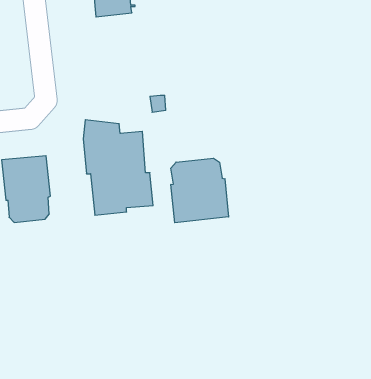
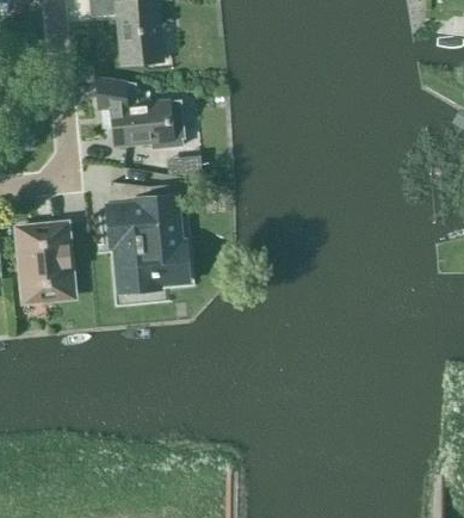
building: none -> [95,79,185,152]
building: [171,158,229,223] -> none

